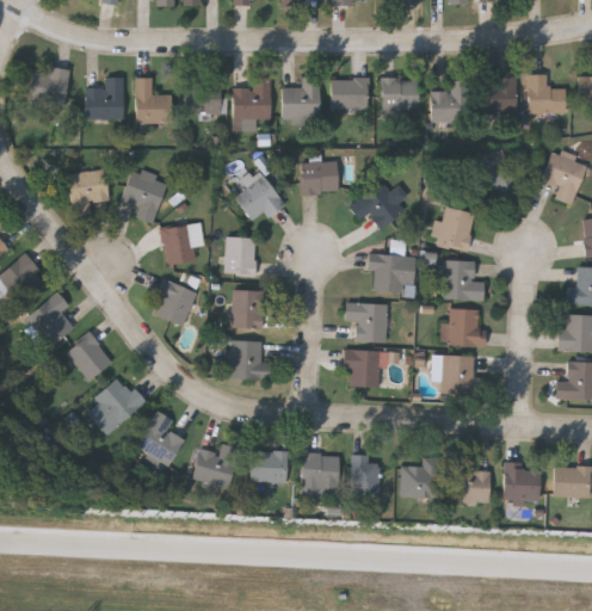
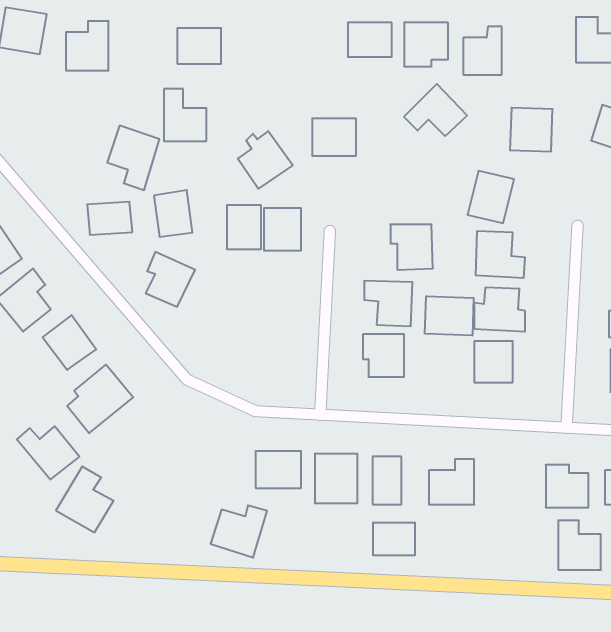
building: [233,78,271,121] -> none
building: [282,78,320,118] -> none
building: [480,78,516,116] -> none
building: [135,79,172,124] -> [164,89,206,141]
building: [68,172,107,200] -> [87,202,132,235]
building: [350,181,405,227] -> [404,84,467,136]
building: [233,291,265,328] -> [264,208,301,251]
building: none -> [425,296,474,336]
building: [229,340,271,379] -> none
building: [135,411,185,468] -> [56,466,114,532]
building: none -> [17,426,79,480]
building: [191,445,240,490] -> [211,505,267,558]
building: [452,459,489,502] -> [558,520,601,570]
building: none -> [373,522,415,555]

